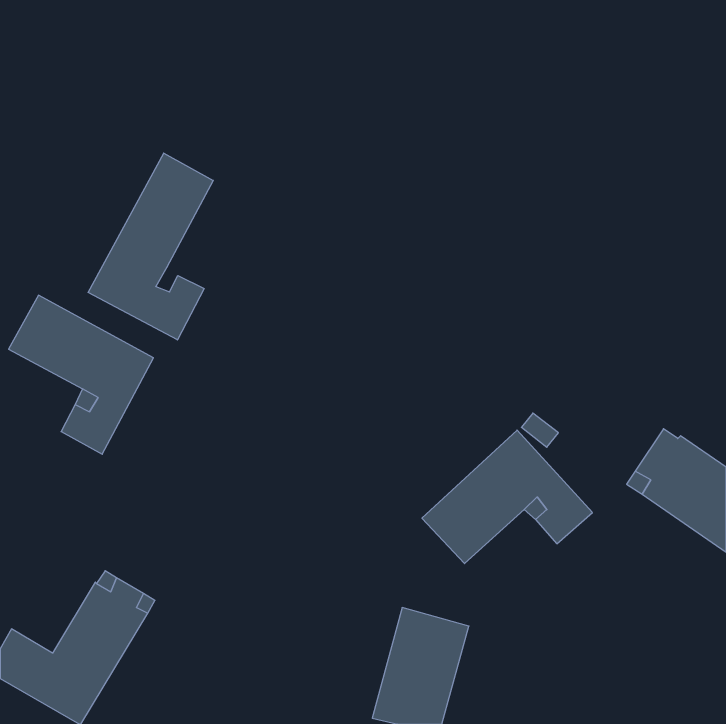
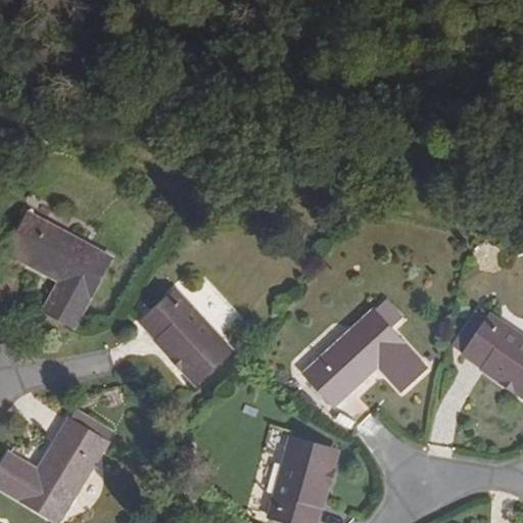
building: [88,153,213,340] -> none
building: none -> [139,290,231,383]

